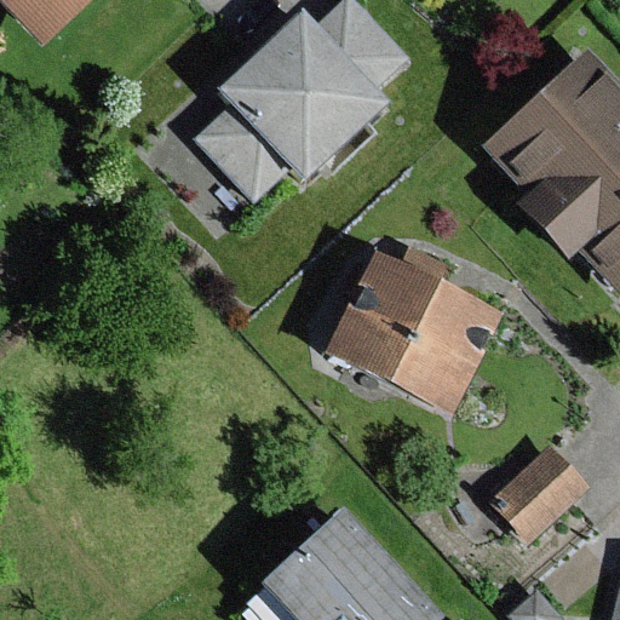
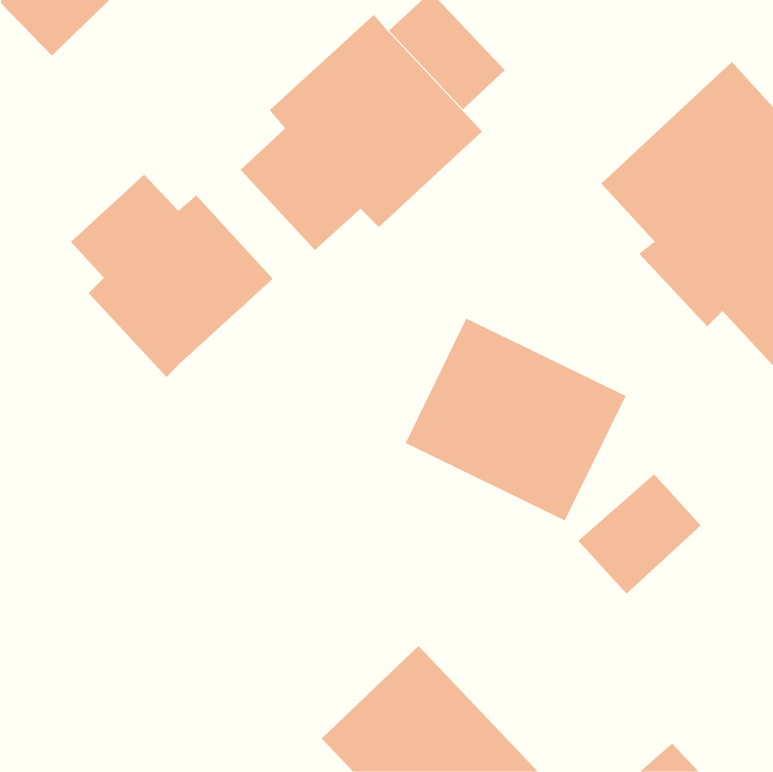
building: none -> [70,174,274,378]
building: [494,442,592,538] -> [578,474,701,594]

